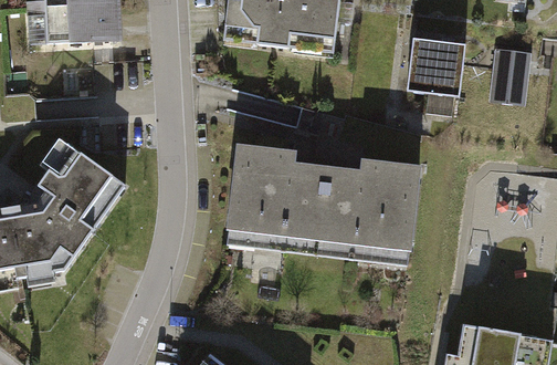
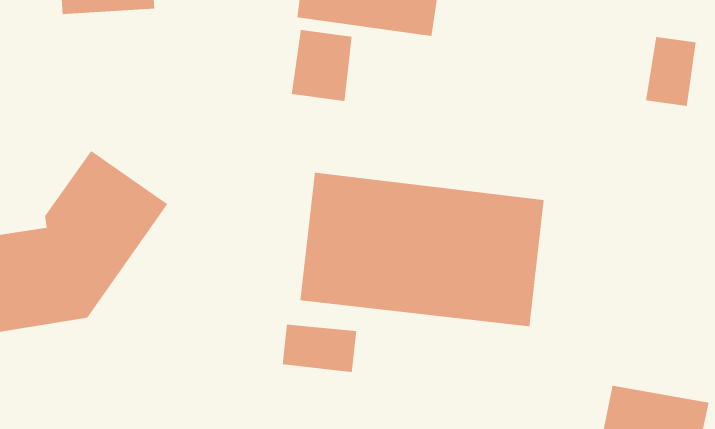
building: [400,36,463,102] -> none
building: none -> [291,29,352,102]
building: none -> [282,324,357,373]

